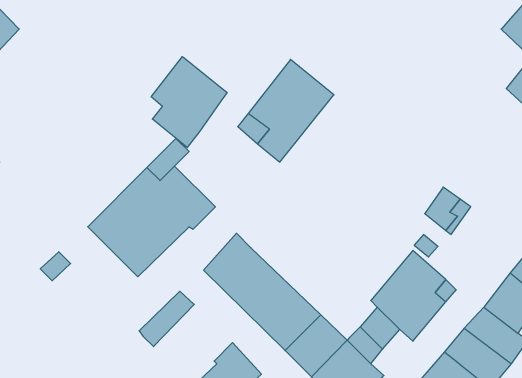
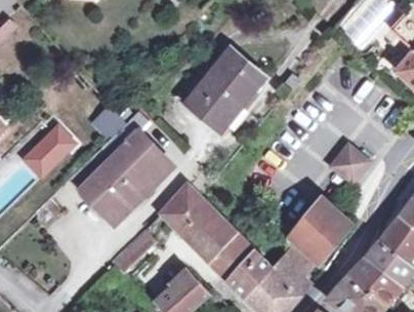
building: [151,57,227,148] -> none
building: none -> [19,120,81,180]

